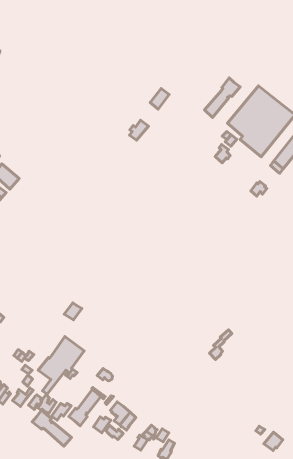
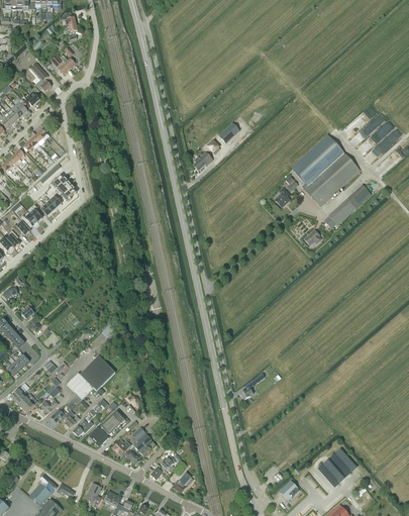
building: [204,78,240,117] -> none
building: [32,410,71,446] -> none

